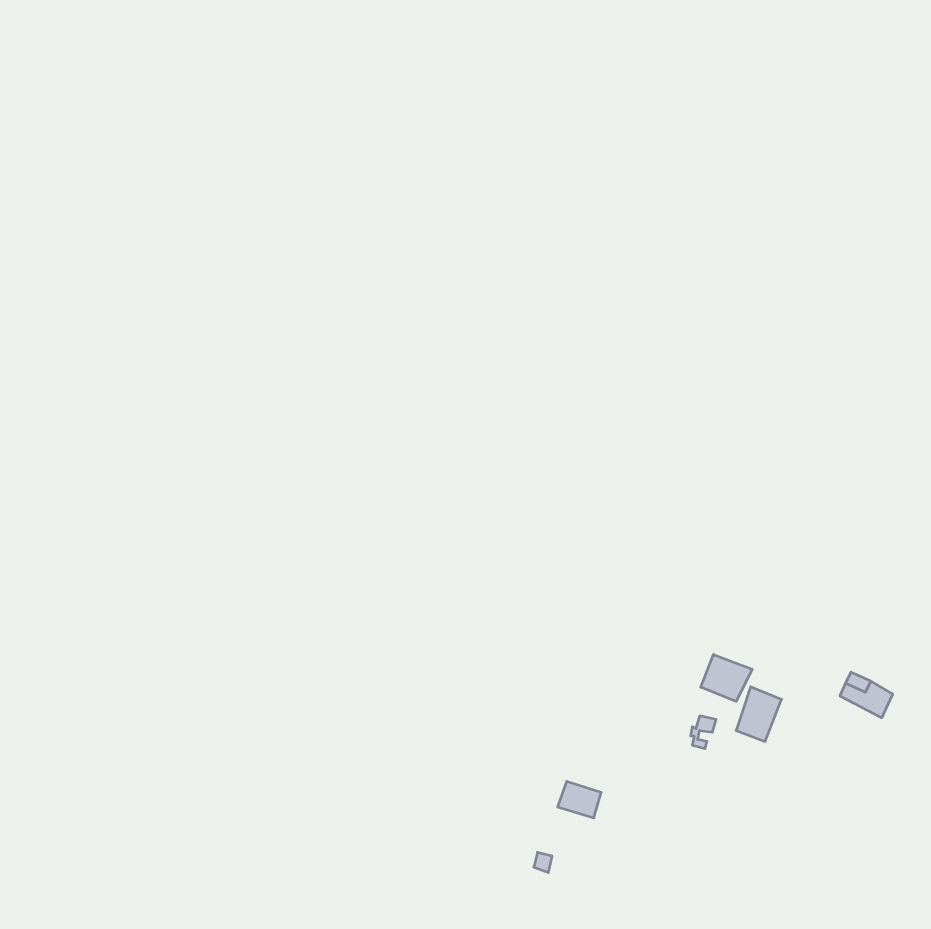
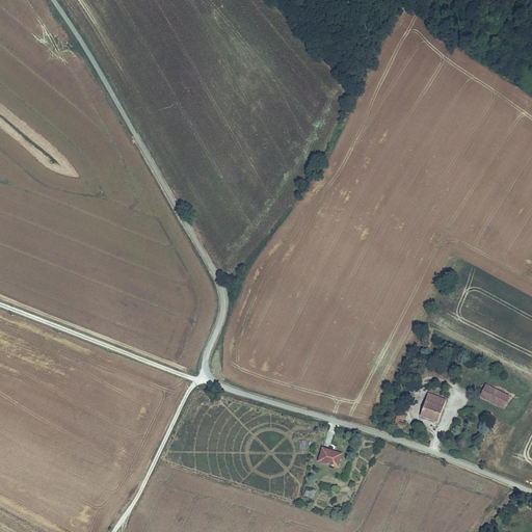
building: [701,654,752,701] -> none

